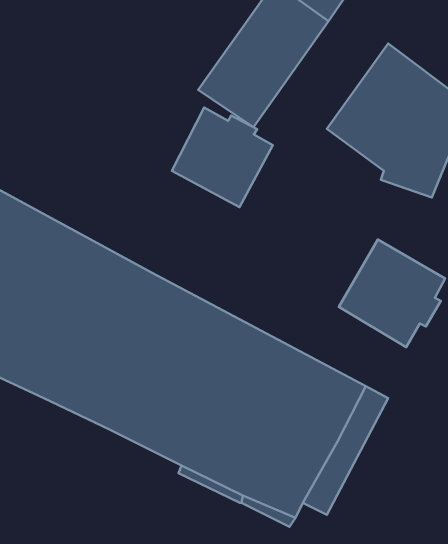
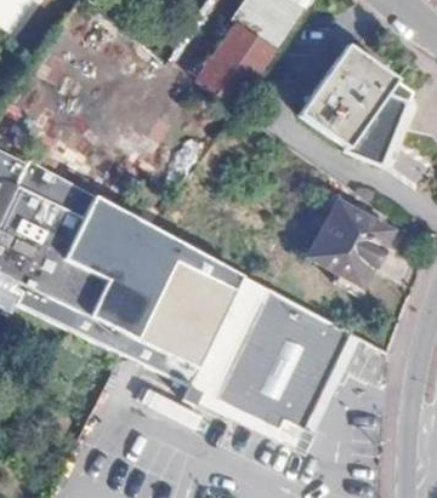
building: [172,108,273,207] -> none

